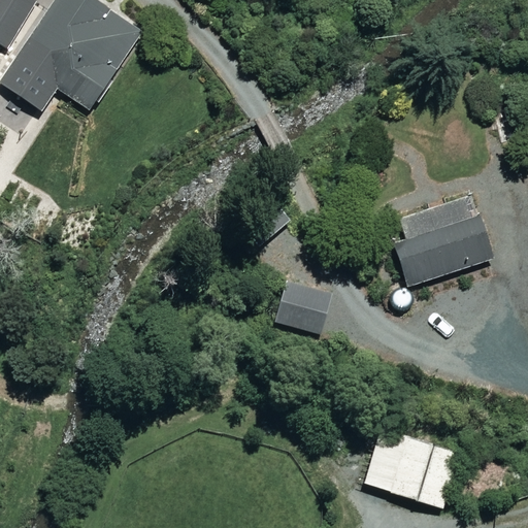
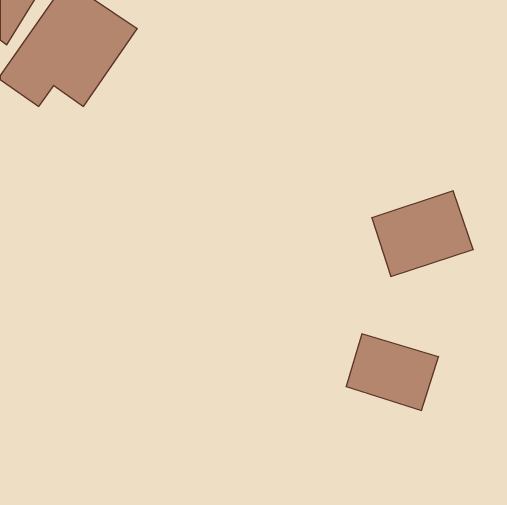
building: [273,279,331,333] -> none
building: [362,429,458,508] -> [346,334,439,410]

